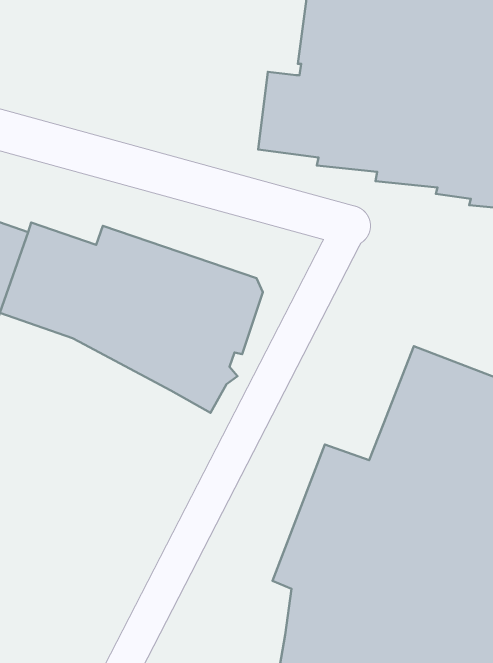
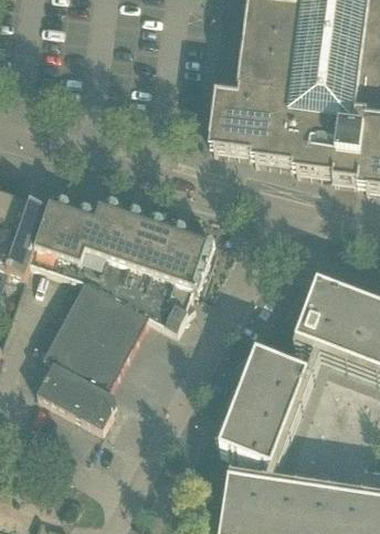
building: none -> [36,281,149,429]

